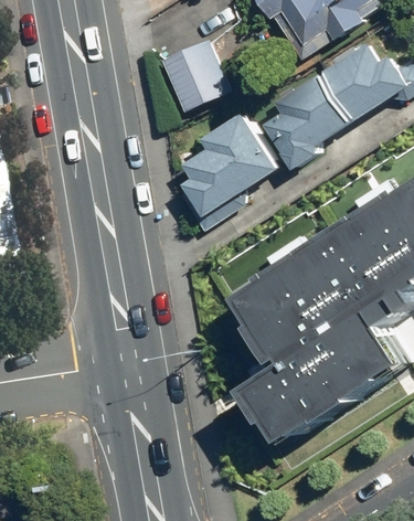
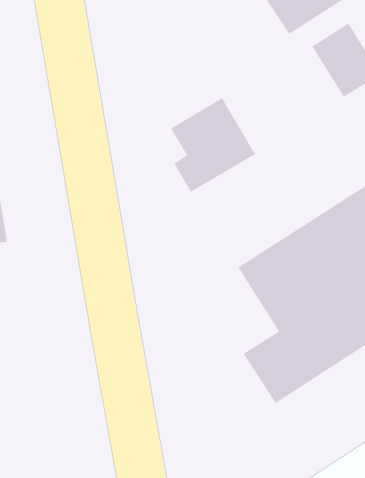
building: [161,40,224,107] -> none
building: [259,73,342,169] -> none

